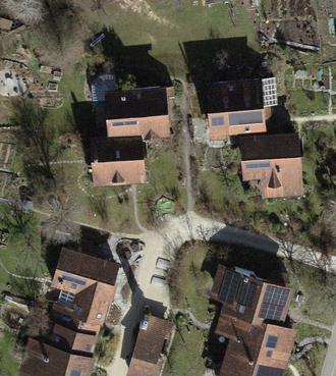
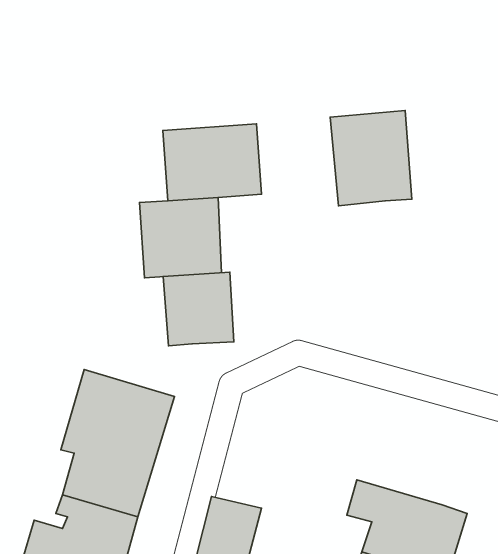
building: [245,135,303,201] -> none
building: none -> [163,272,234,346]
building: [219,269,291,324] -> none

